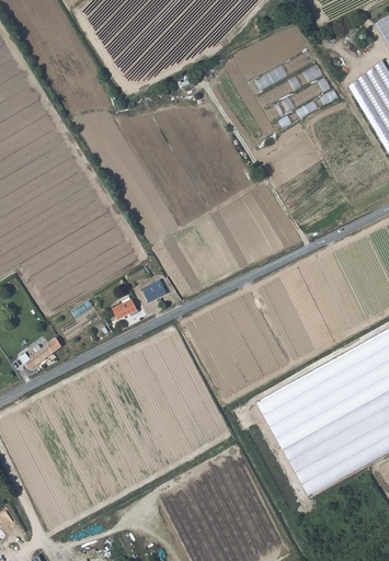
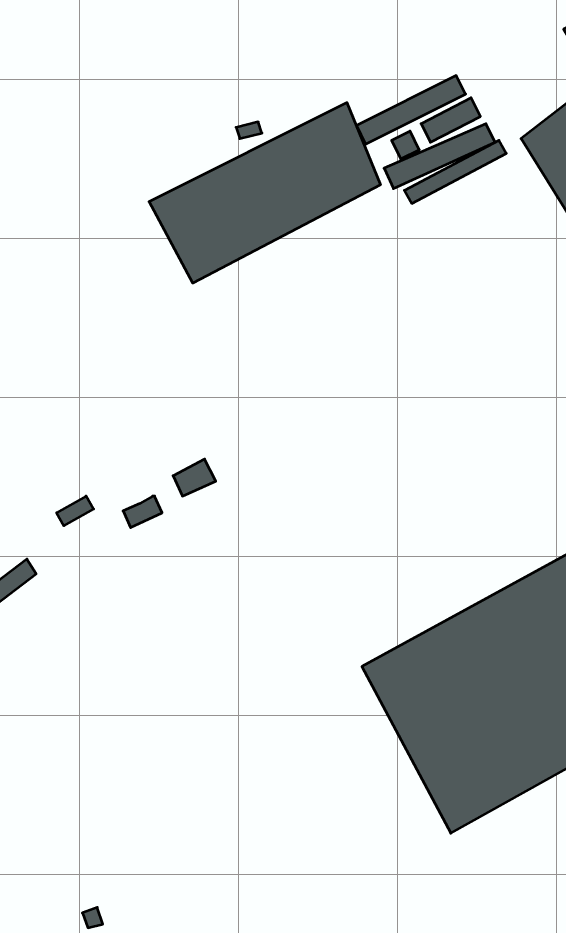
building: none -> [149,103,380,283]

